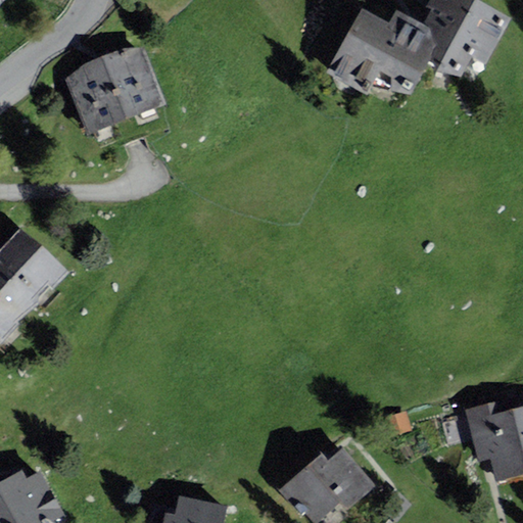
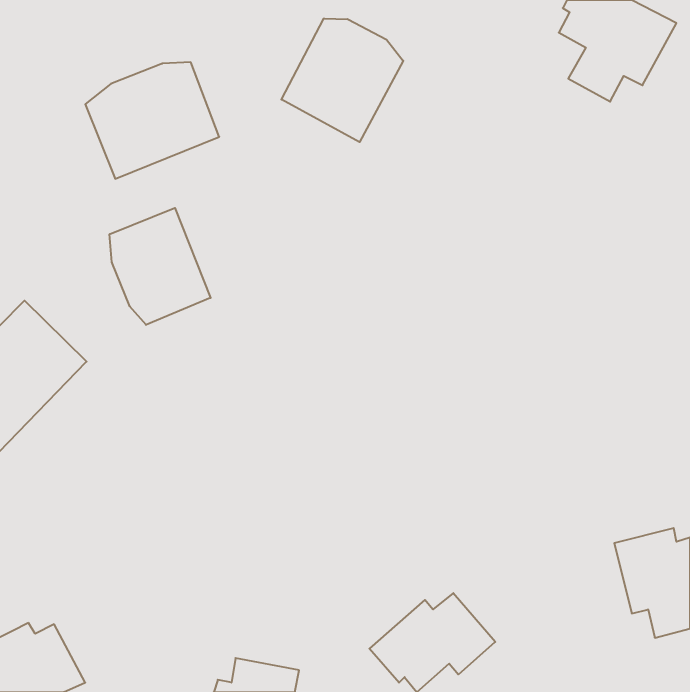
building: [326,7,442,95] -> none
building: none -> [281,18,403,142]
building: none -> [110,208,211,325]

